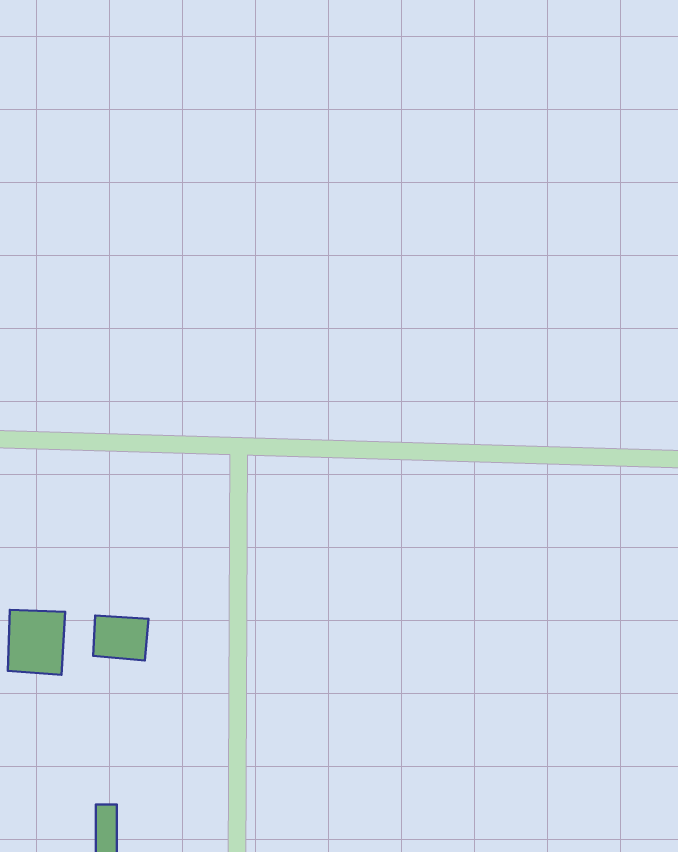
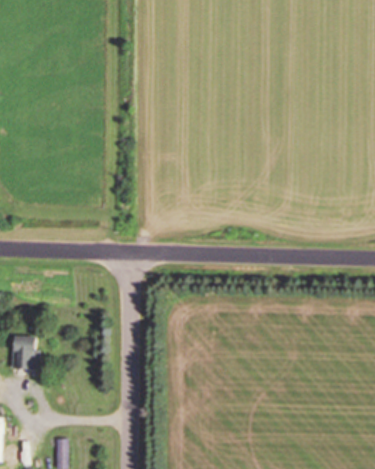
building: [93,616,148,660] -> none

